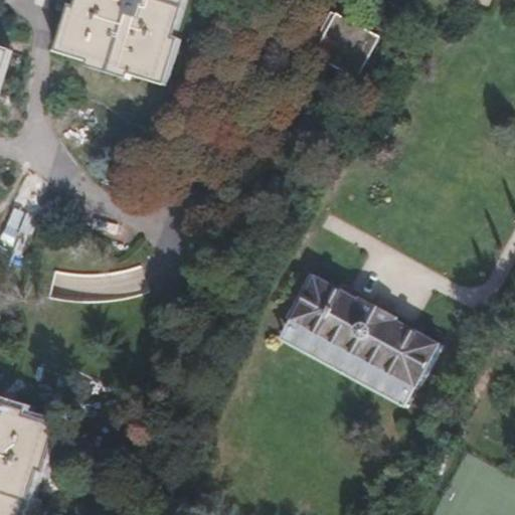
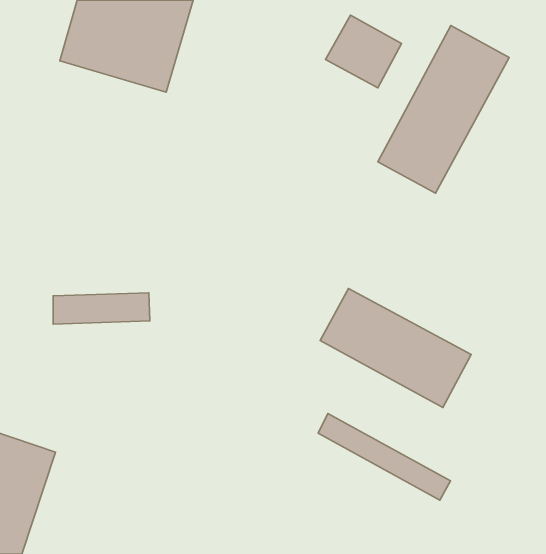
building: none -> [378,26,509,193]
building: [288,316,410,396] -> [318,414,451,500]

